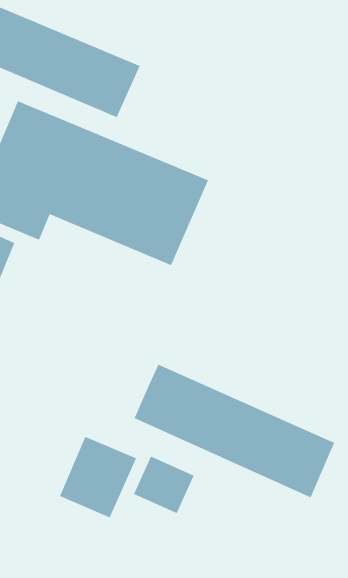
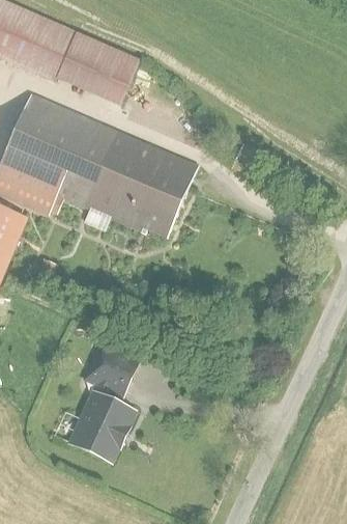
building: [134,364,335,498] -> none
building: [133,456,194,514] -> [81,344,136,396]

